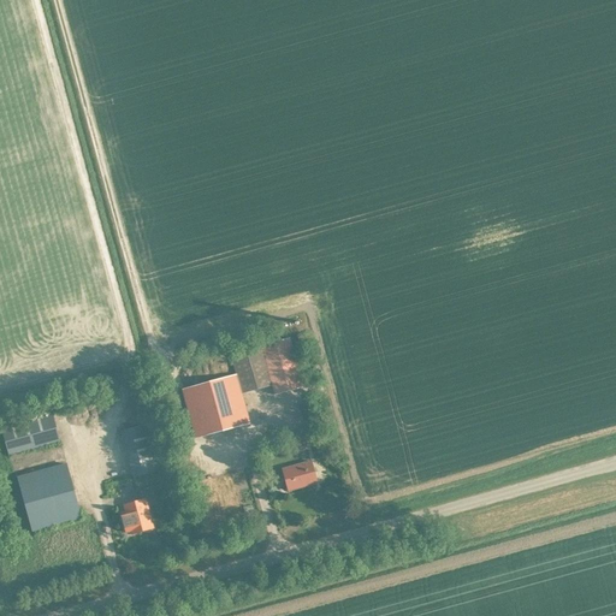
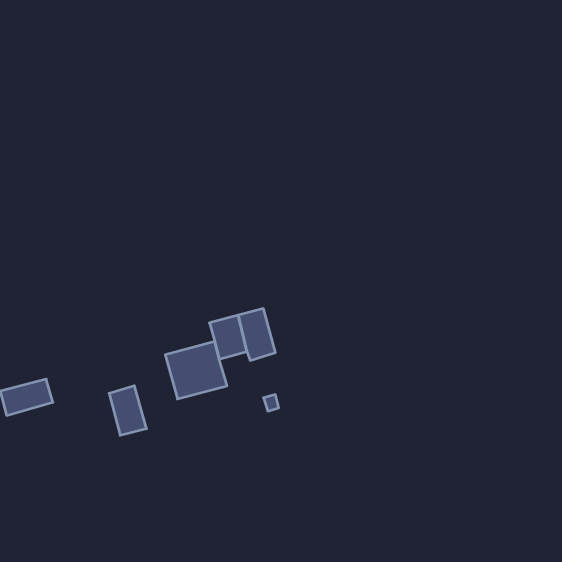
building: [282,461,316,490] -> none
building: [17,463,79,531] -> none
building: [118,486,152,533] -> none

